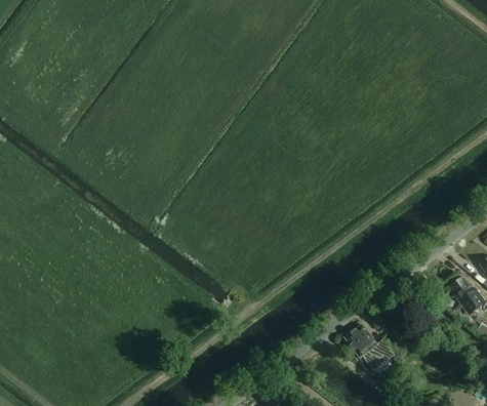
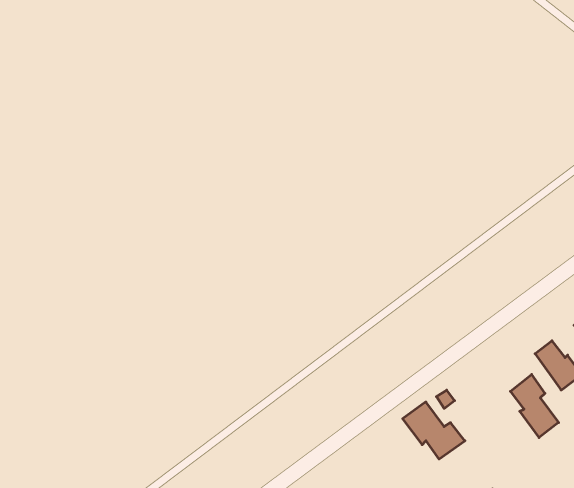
building: none -> [510,374,559,438]

